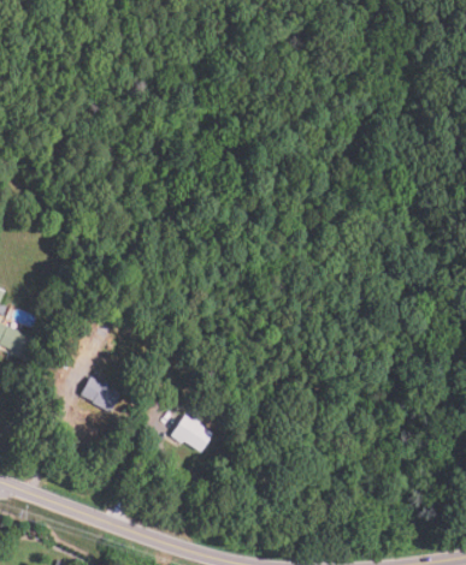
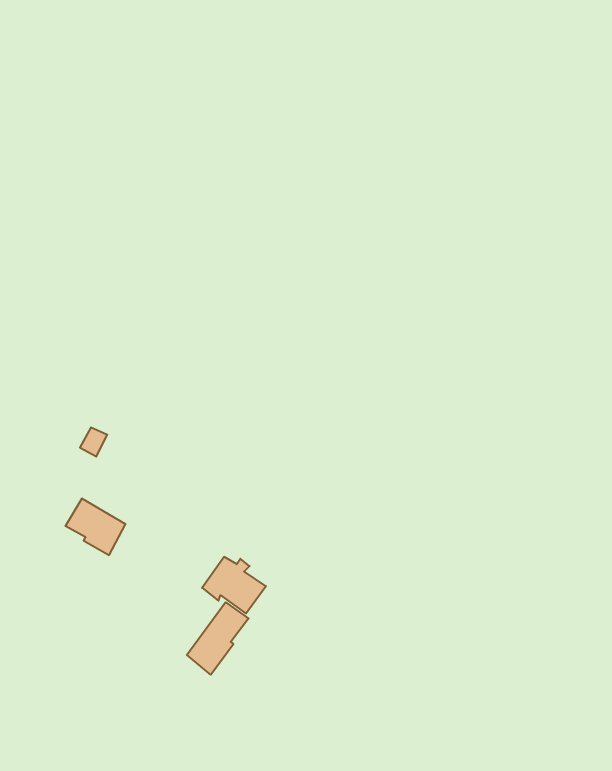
building: none -> [187,602,249,675]

